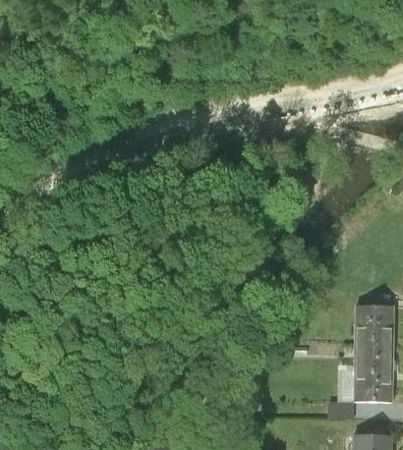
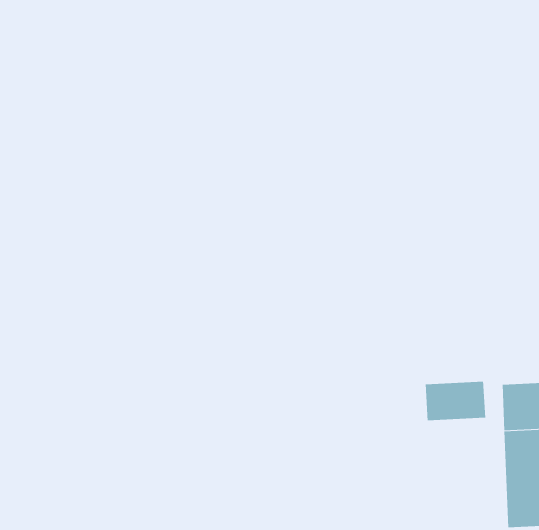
building: none -> [425,381,486,421]

